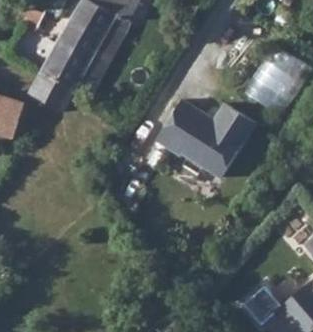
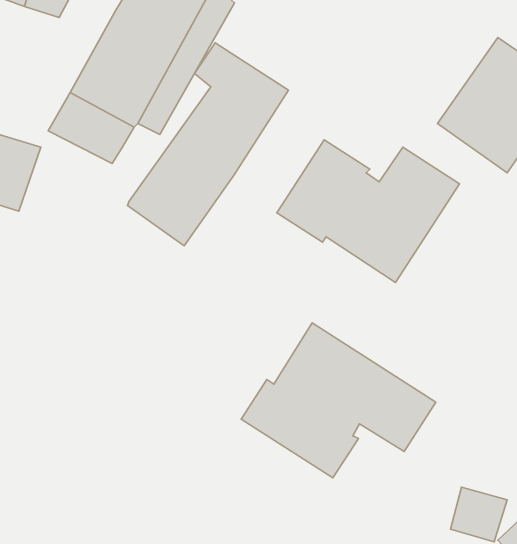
building: none -> [128,43,289,246]
building: none -> [241,323,436,478]

